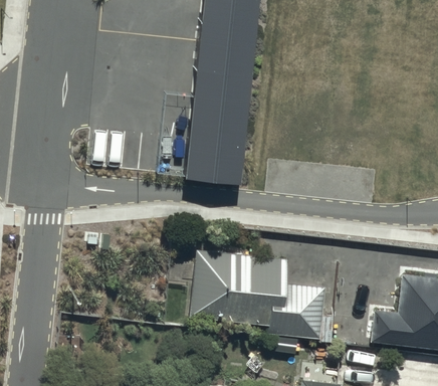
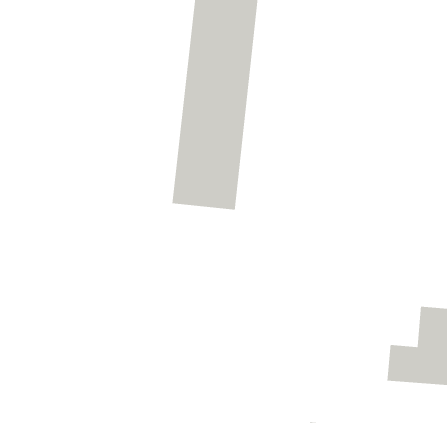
building: [192,251,329,341] -> none

